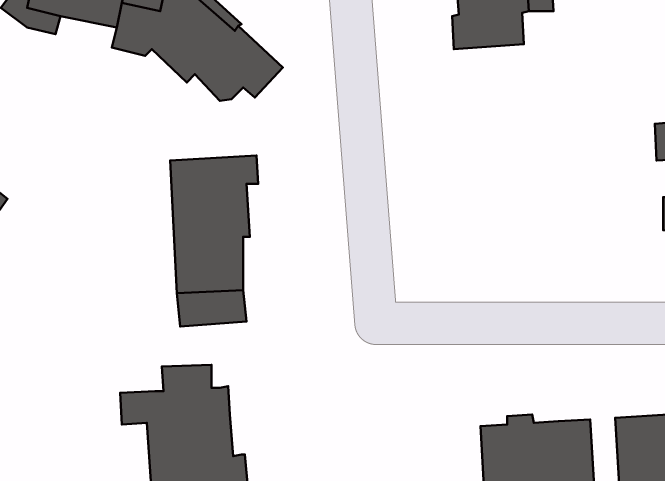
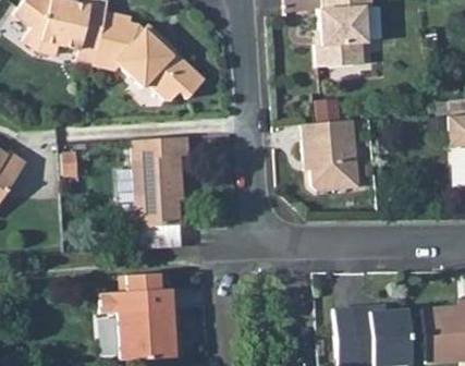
building: none -> [303,120,360,191]

